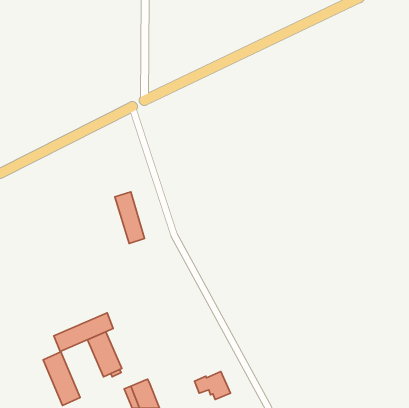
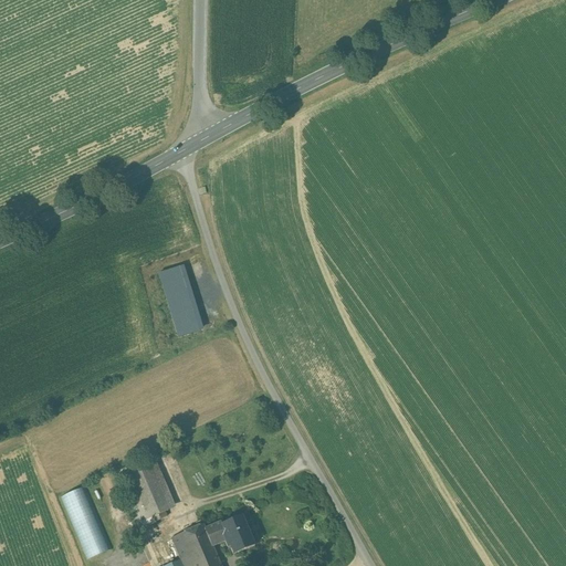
building: [54,313,113,352] -> none
building: [194,371,231,400] -> [207,513,256,552]

